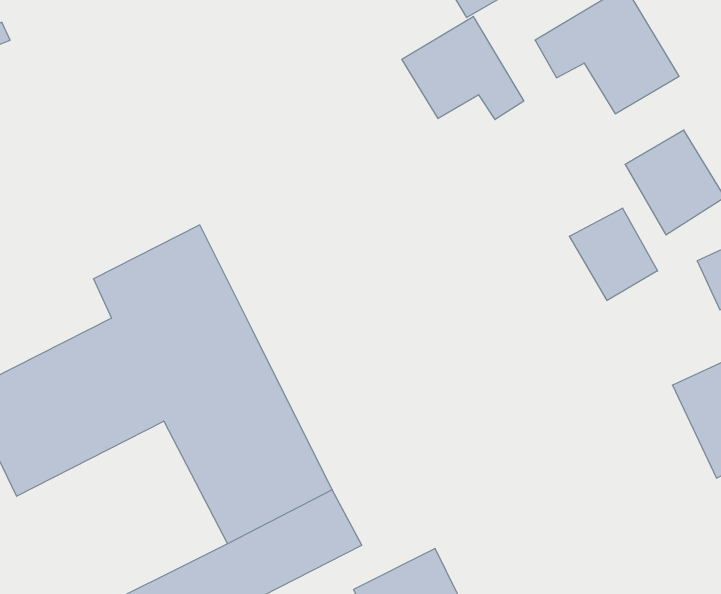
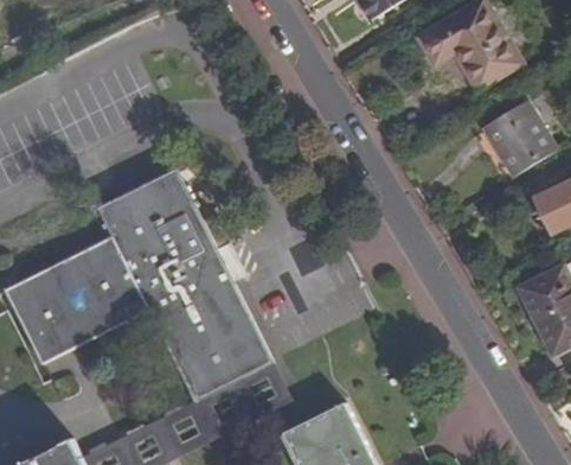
building: [402,16,524,120] -> none
building: [569,208,658,300] -> none

